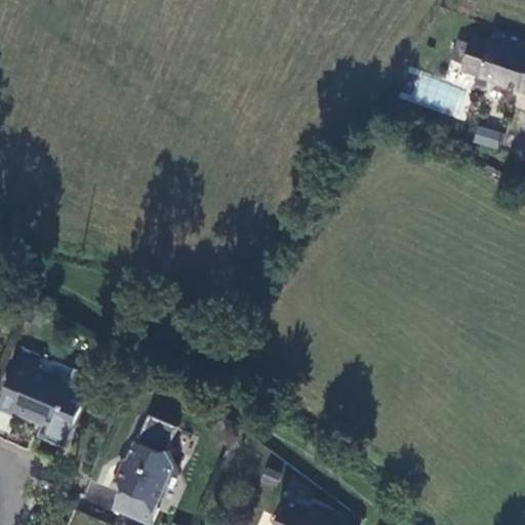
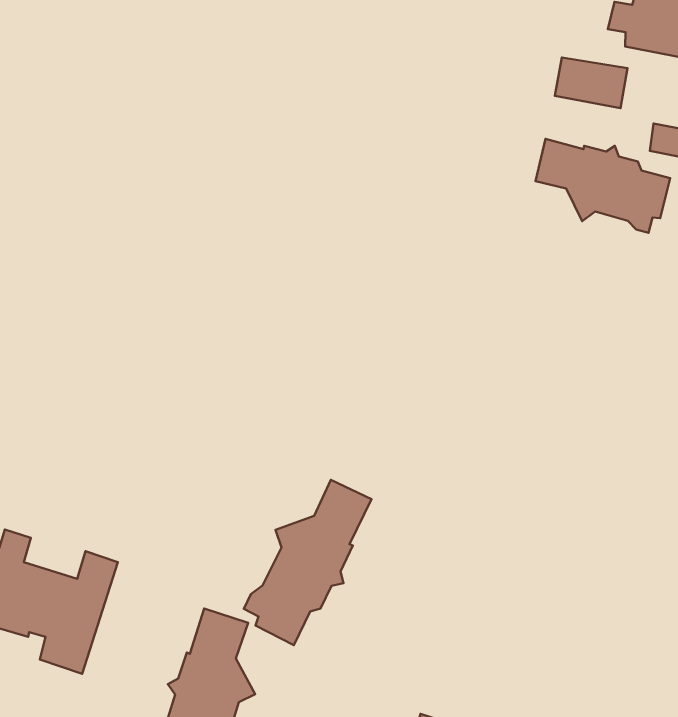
building: none -> [536,139,670,233]
building: none -> [244,480,371,645]

